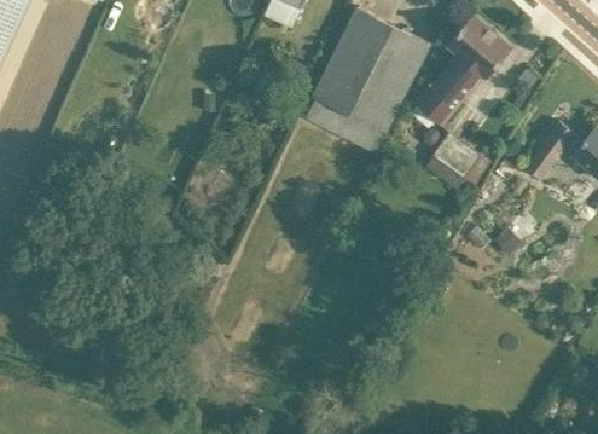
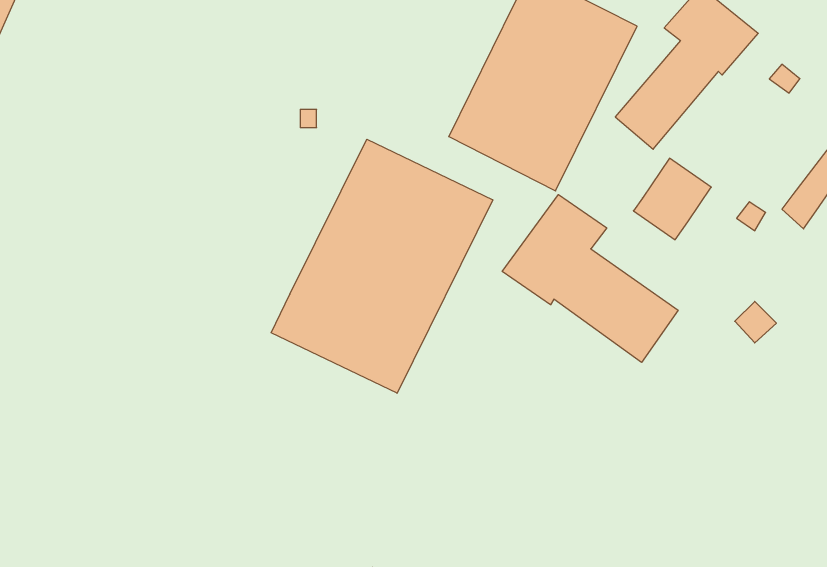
building: none -> [271,139,493,393]
building: none -> [502,195,678,362]

